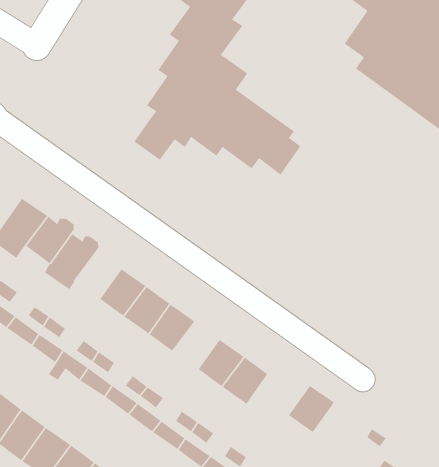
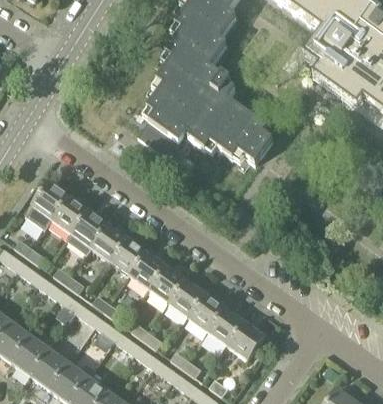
building: none -> [91,224,128,262]
building: none -> [169,280,206,318]
building: [288,385,335,433] -> [228,322,265,360]

